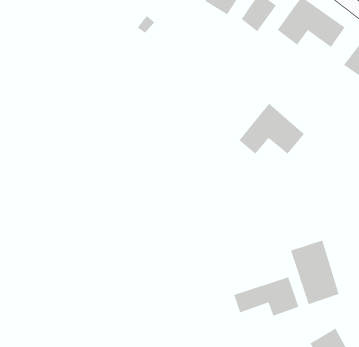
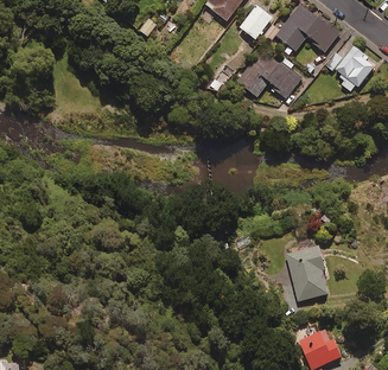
building: [239,103,305,155] -> [237,46,303,97]
building: [233,276,299,317] -> none

